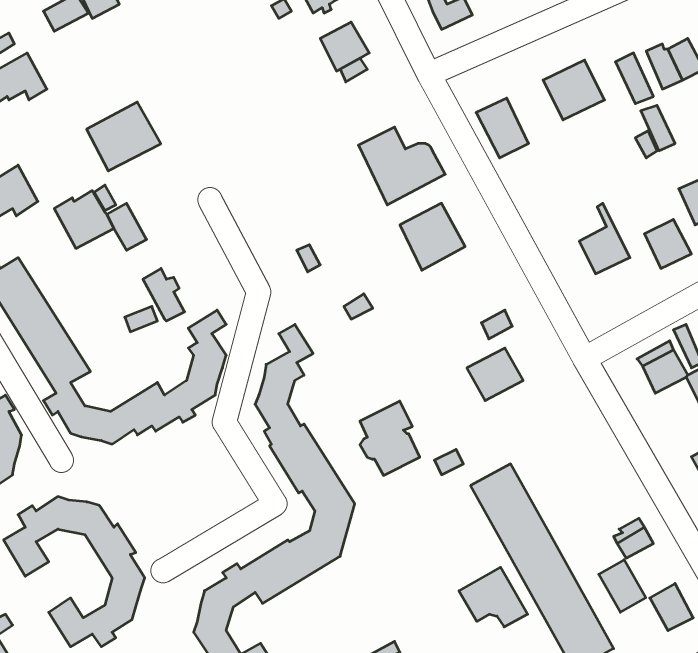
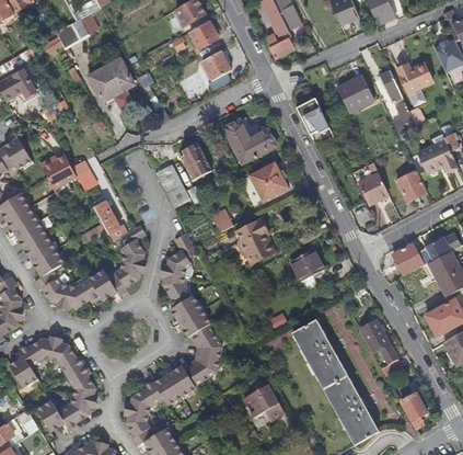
building: [87,102,161,171] -> [90,60,135,102]
building: none -> [178,143,211,180]
building: none -> [155,166,189,208]
building: [360,401,420,475] -> [238,218,274,263]
building: [599,560,646,612] -> [360,319,389,351]
building: [459,567,528,627] -> [243,384,285,420]

